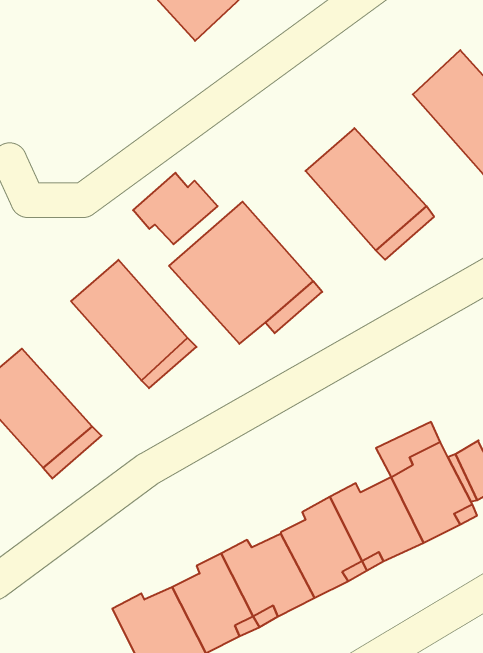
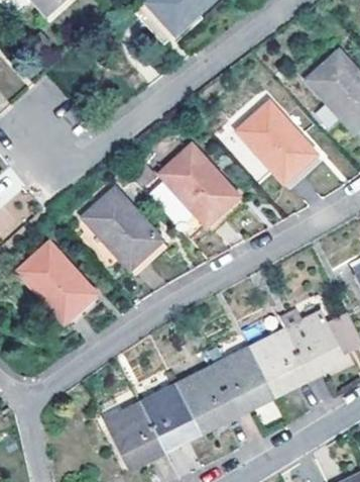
building: [133,173,218,244] -> none

